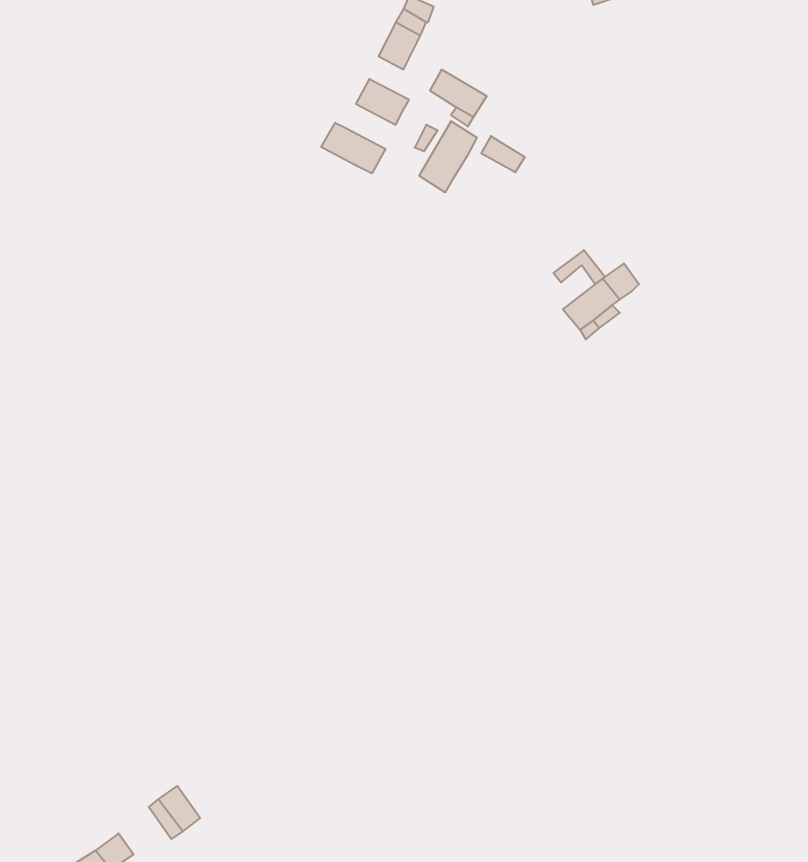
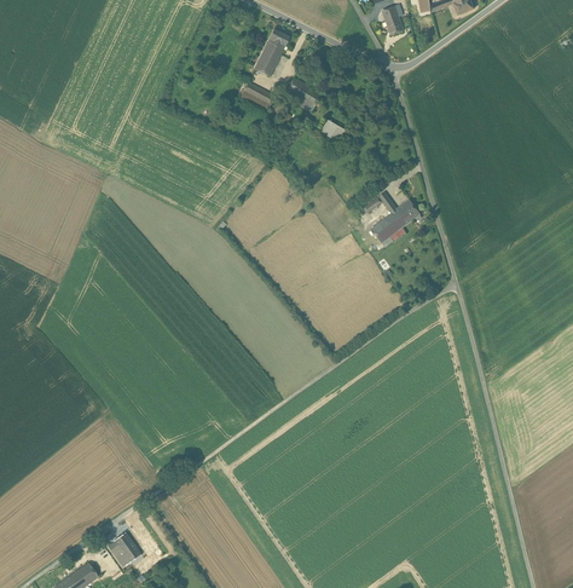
building: [419,121,477,192] -> none
building: [321,123,386,173] -> none

